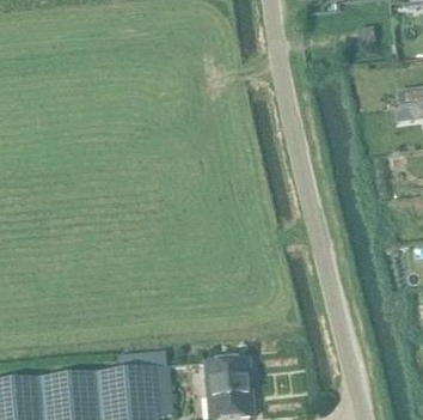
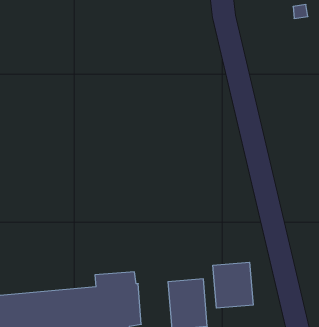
building: none -> [213,262,253,308]

